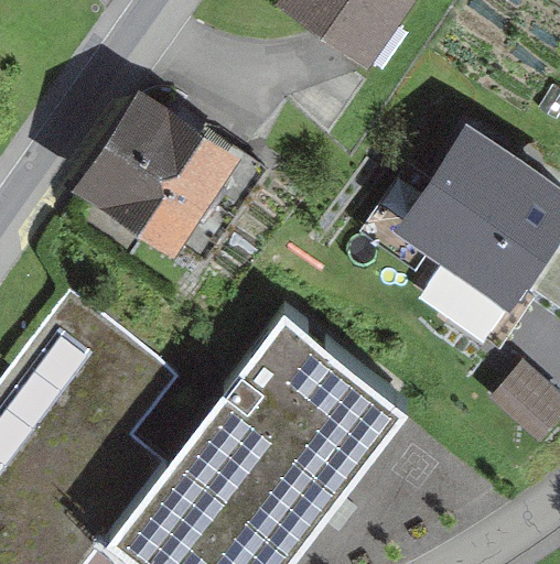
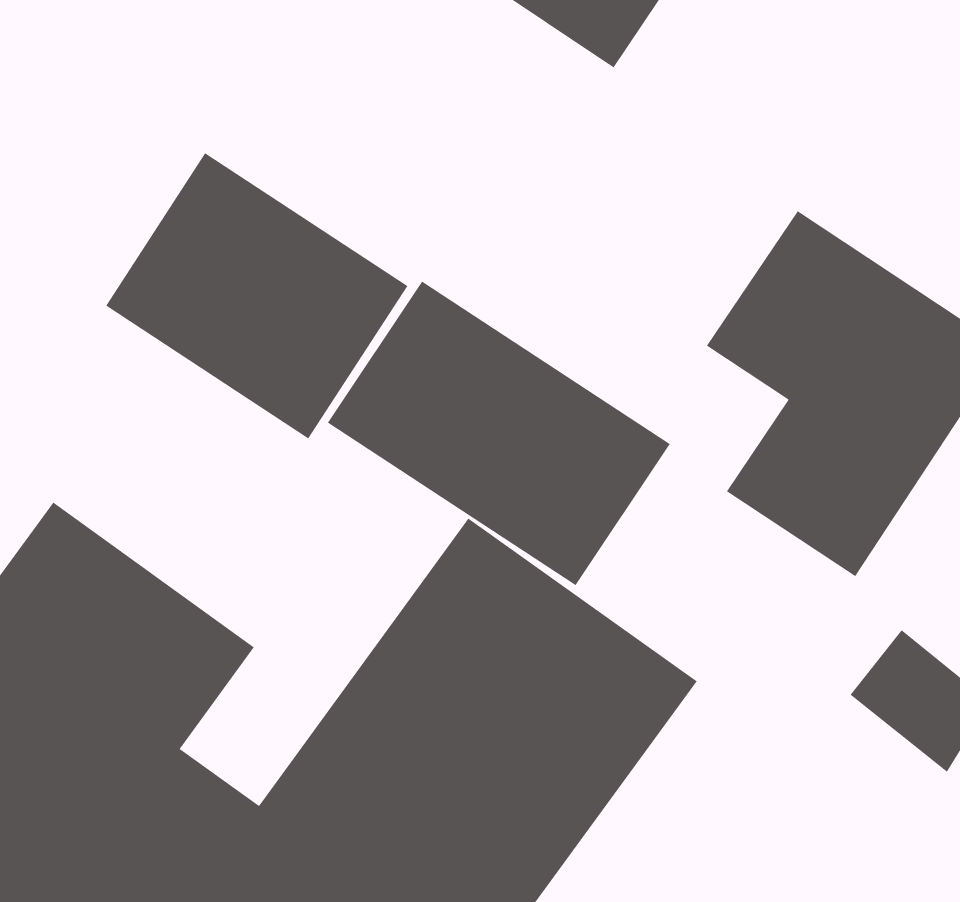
building: none -> [327,280,671,586]

